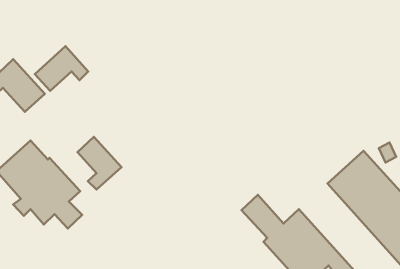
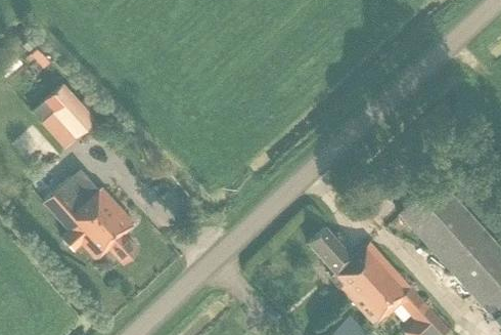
building: [35,46,88,91] -> none
building: [77,137,122,190] -> none

